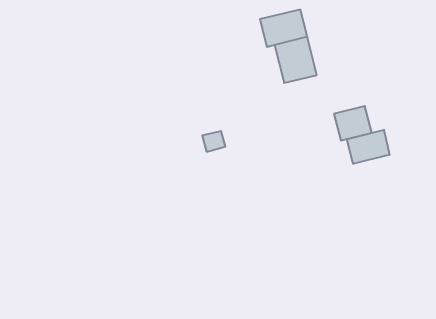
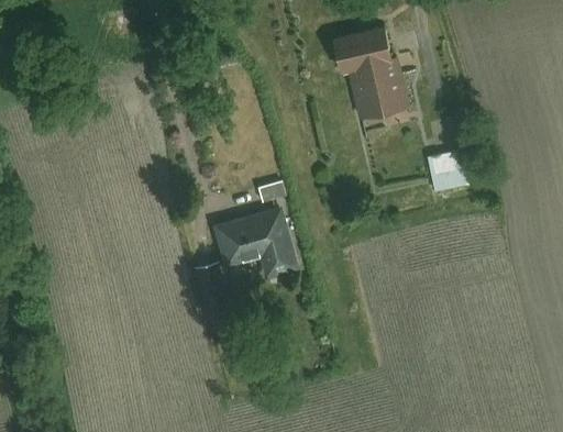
building: [347,130,390,164] -> none
building: none -> [214,209,299,279]

